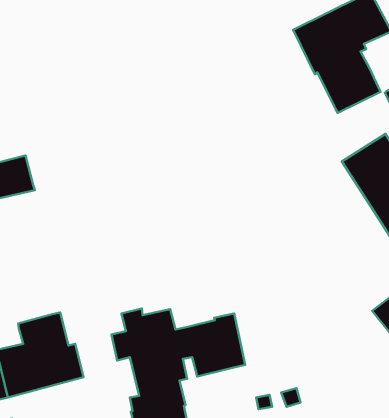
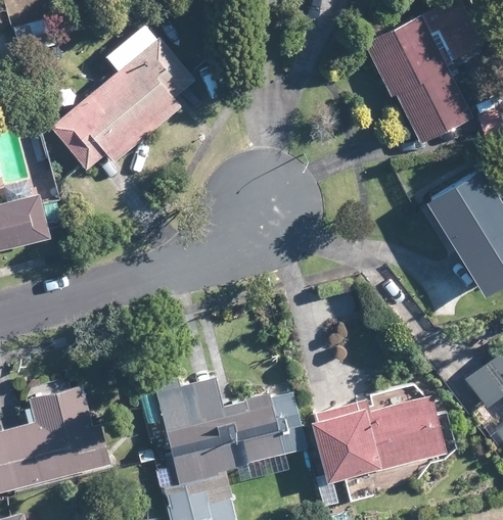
building: none -> [51,23,194,171]
building: none -> [306,395,445,483]

